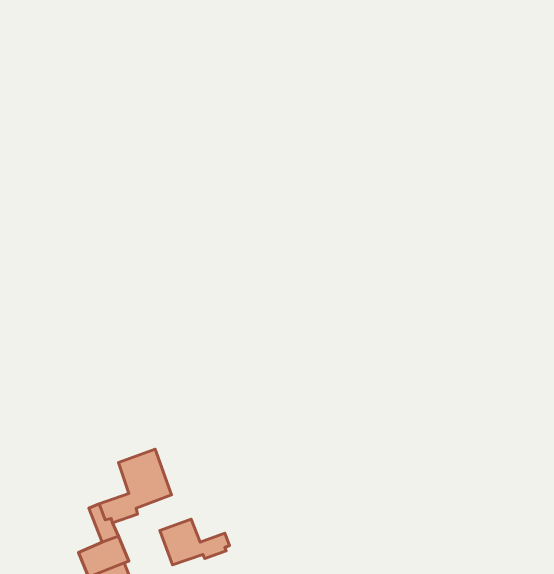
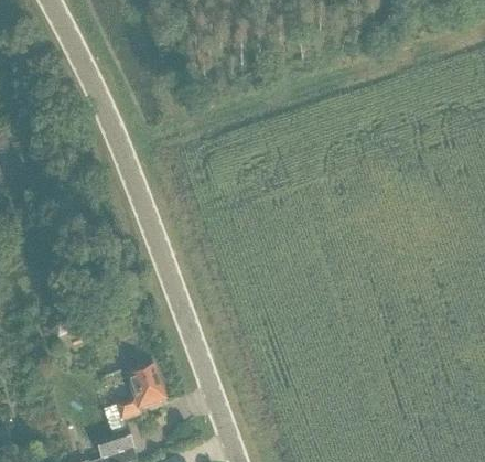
building: [160,519,229,565] -> none

